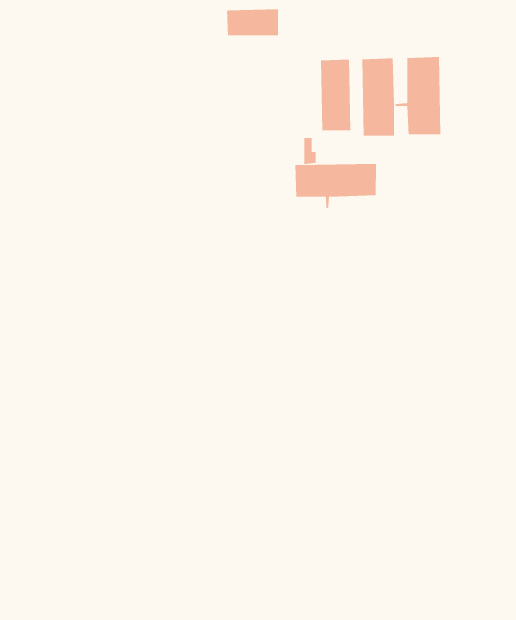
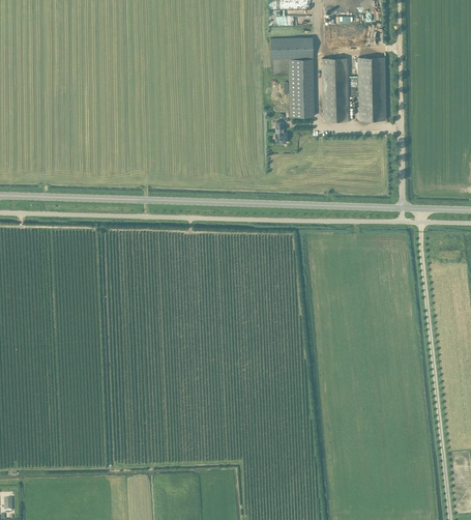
building: [226,9,279,36] -> [270,36,313,58]
building: [295,163,376,209] -> none

